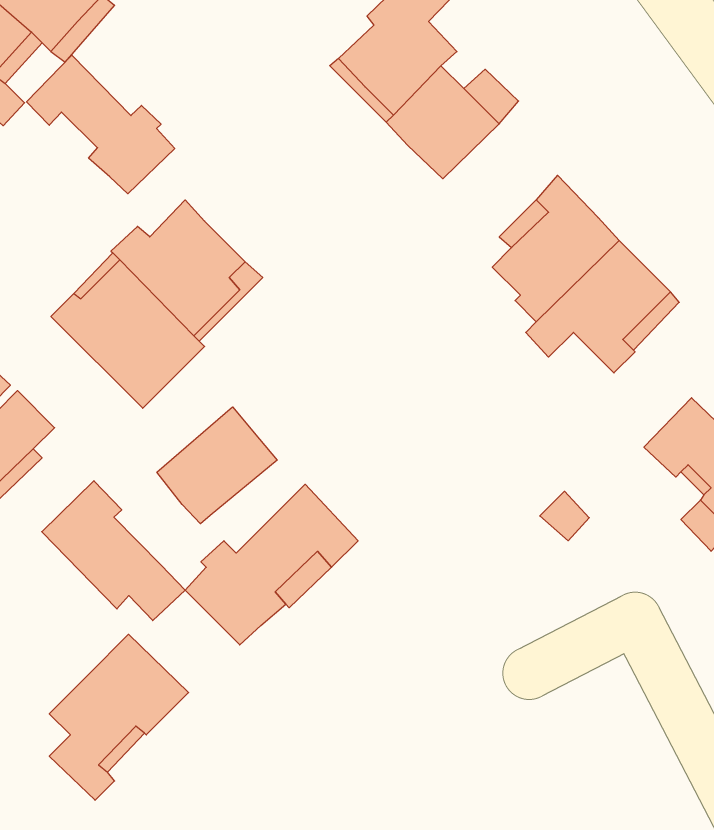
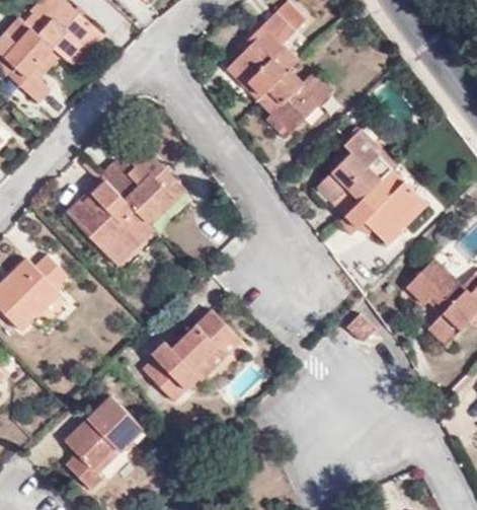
building: [27,55,175,194] -> none
building: [157,407,277,524] -> none
building: [42,481,185,621] -> none

